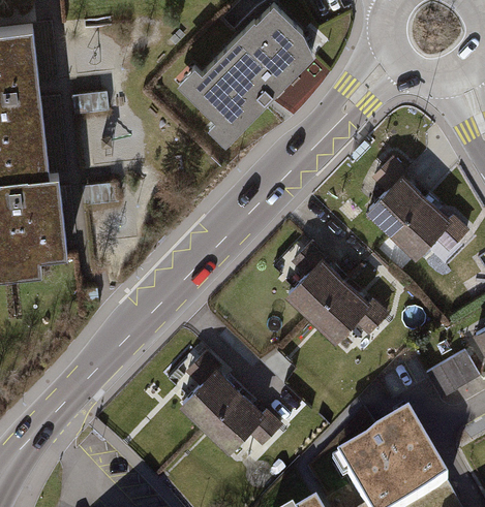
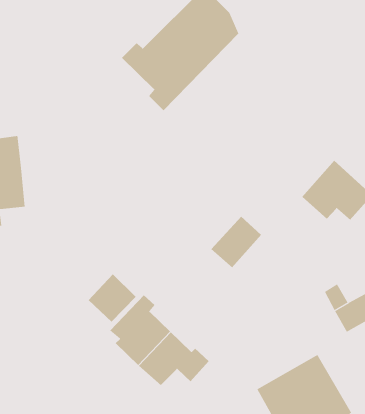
building: [364,161,427,239] -> none
building: [310,282,391,345] -> none
building: none -> [88,273,137,322]

